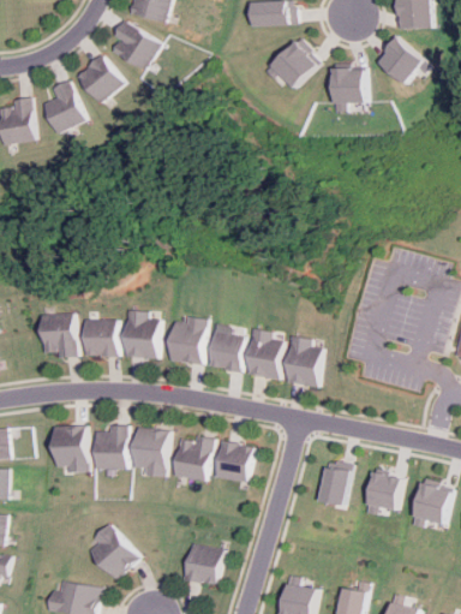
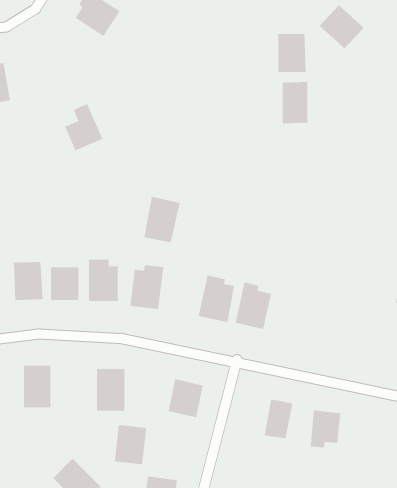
building: [261,40,316,89] -> none
building: [77,56,125,105] -> none
building: [46,82,88,133] -> [64,103,103,151]
building: none -> [282,81,308,124]
building: [206,323,246,374] -> [143,196,180,243]
building: [92,425,124,469] -> none
building: [170,435,206,478] -> [114,425,147,465]
building: [408,482,449,531] -> none

